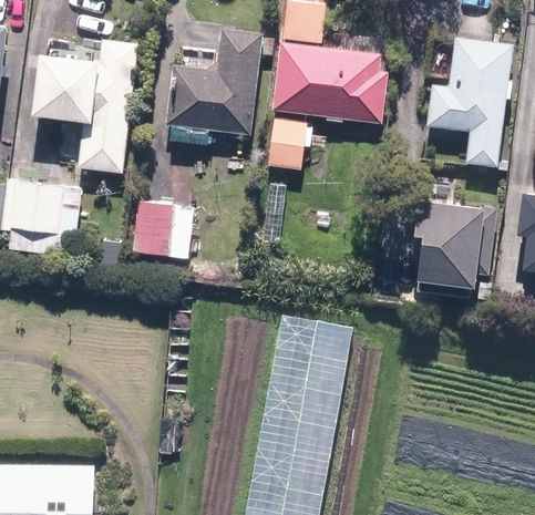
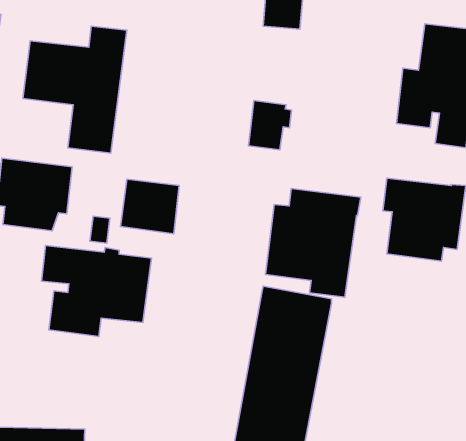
building: [165,29,261,145] -> none
building: [271,42,388,124] -> none
building: none -> [265,188,361,297]
building: none -> [41,246,151,337]

